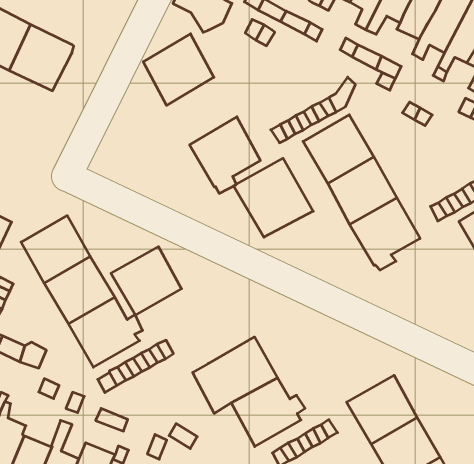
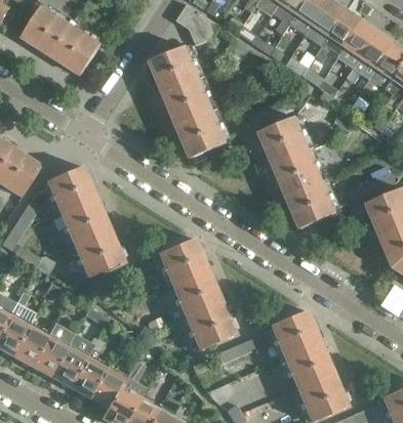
building: none -> [163,78,213,125]
building: [234,158,313,237] -> none
building: [111,247,182,315] -> [157,238,207,286]

